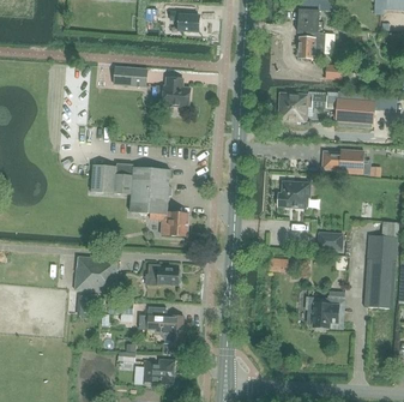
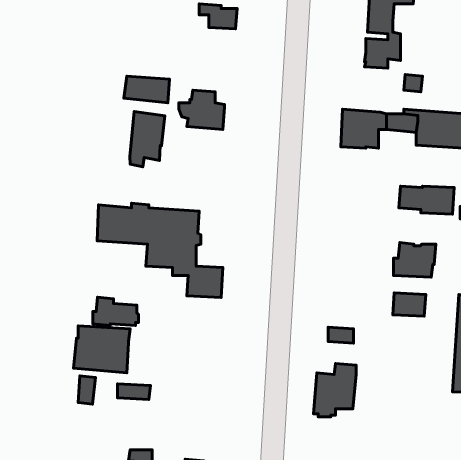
building: none -> [130,112,165,167]
building: [278,180,310,206] -> [393,243,436,277]
building: [145,263,180,284] -> [93,297,139,325]
building: [312,288,344,329] -> [314,363,356,417]
building: [138,306,183,346] -> none

